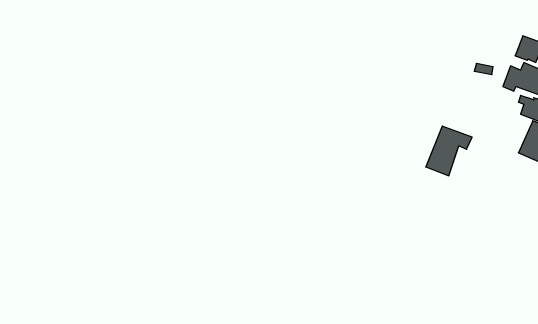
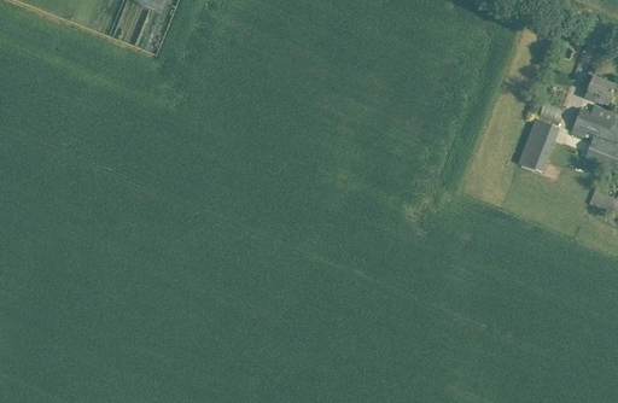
building: [426,126,472,176] -> [518,117,569,171]

